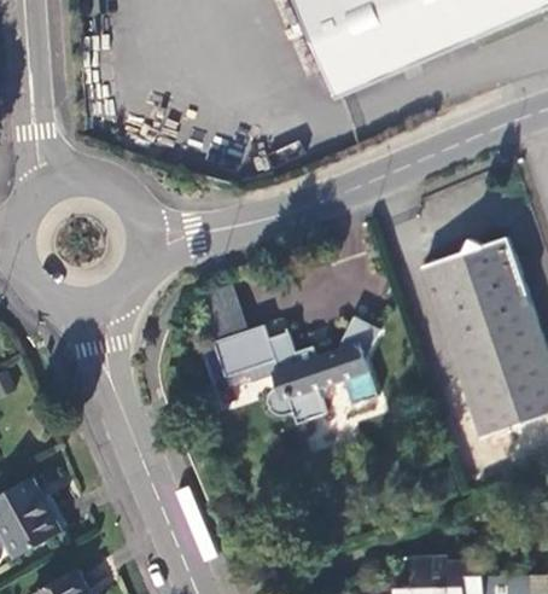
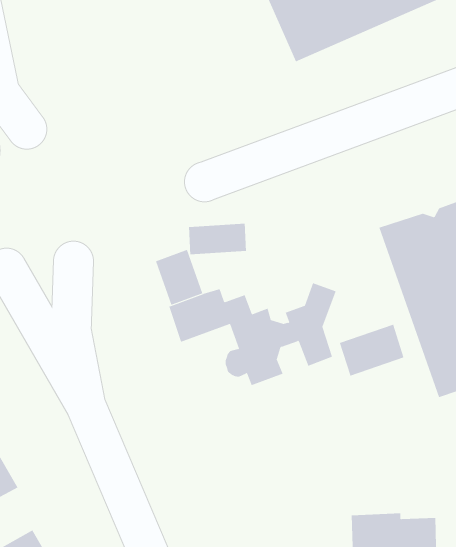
building: none -> [189,223,246,255]
building: none -> [339,324,404,377]

